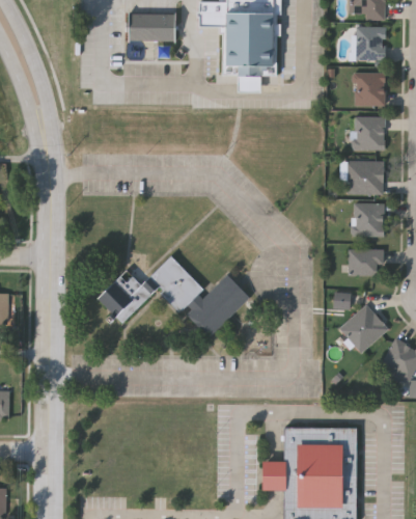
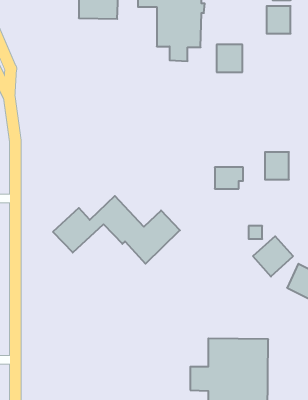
building: [354,72,385,105] -> [217,45,242,72]
building: [354,116,384,148] -> none
building: [346,160,383,193] -> none
building: [349,248,383,274] -> [215,167,243,189]

